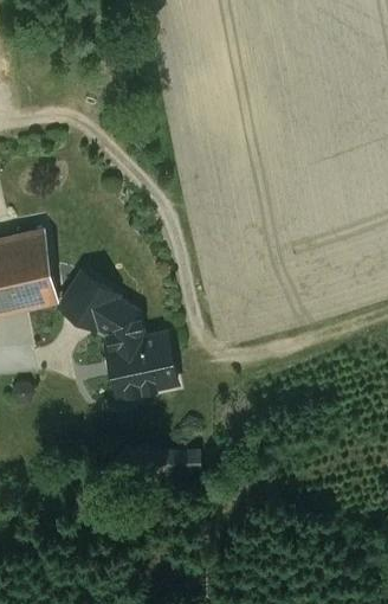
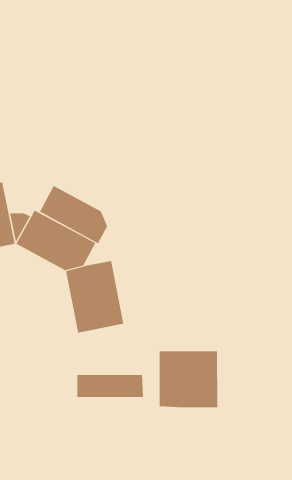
building: none -> [39,185,108,244]
building: none -> [159,350,218,408]

